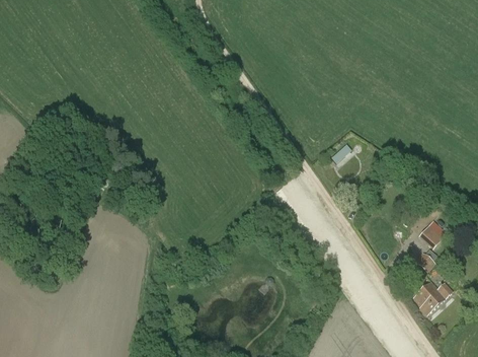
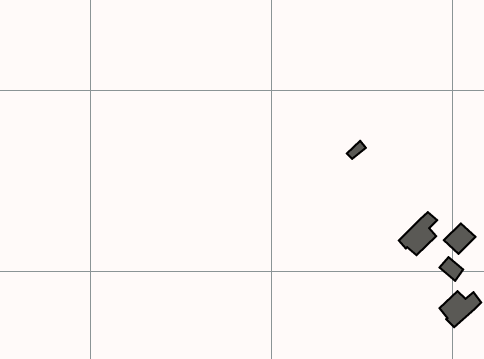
building: none -> [399,212,437,255]

